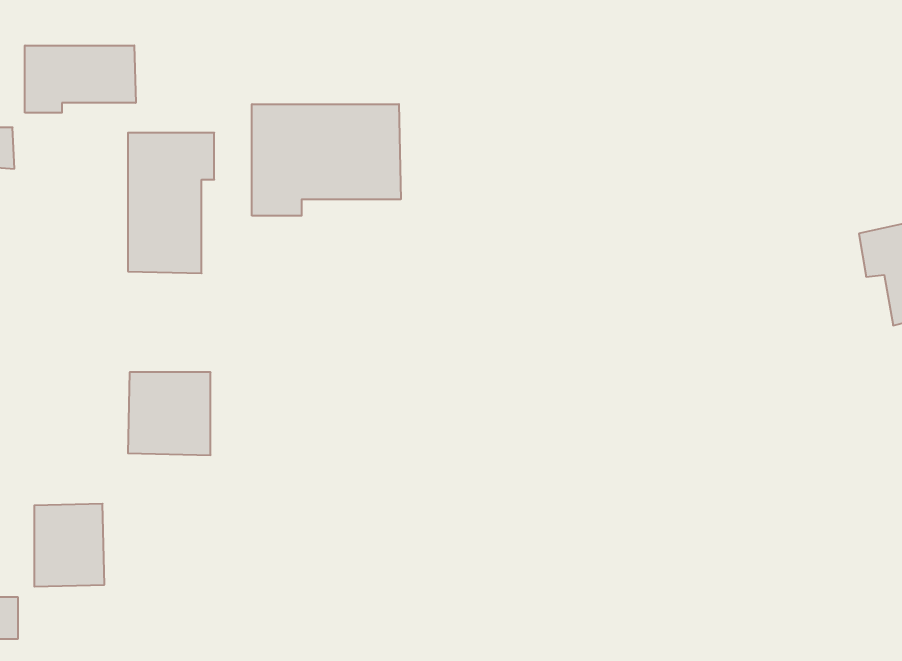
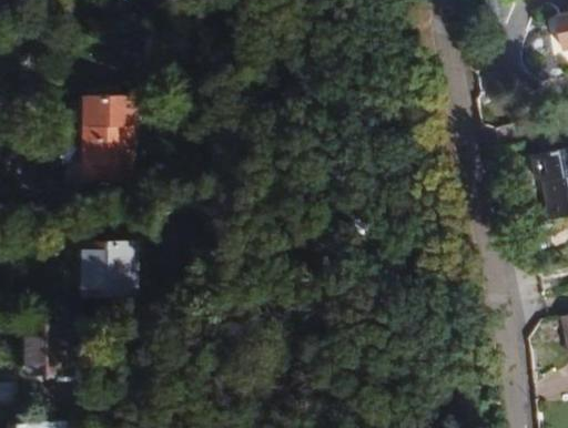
building: [25,45,136,113] -> none
building: [252,104,401,216] -> none

